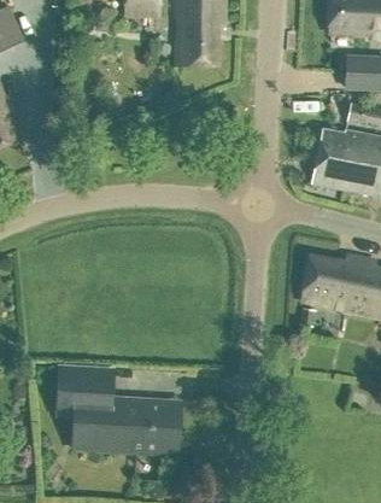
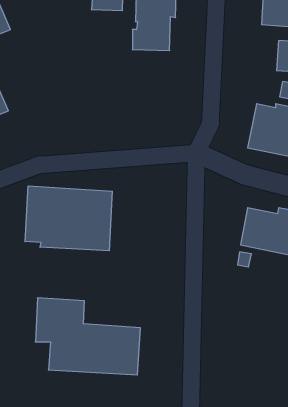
building: none -> [25,186,112,251]

